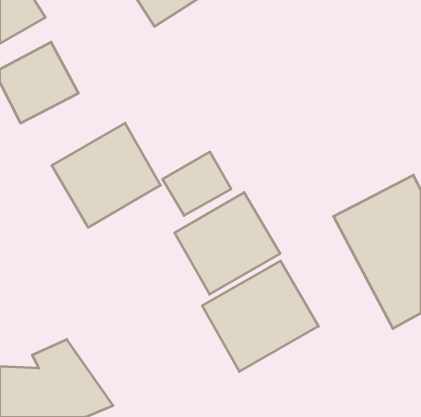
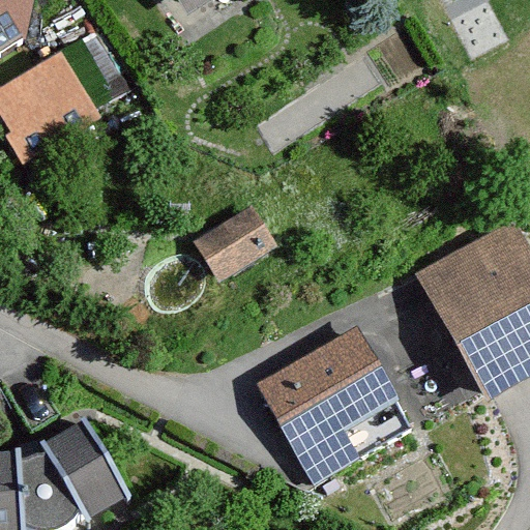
building: [52,123,161,227] -> none
building: [175,192,280,294] -> none

